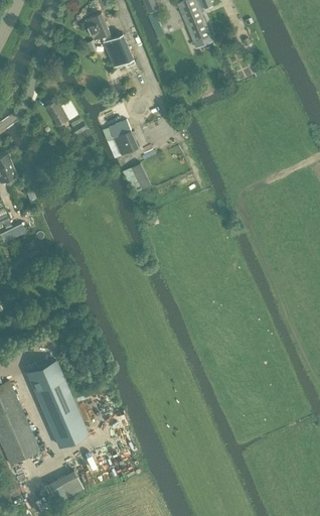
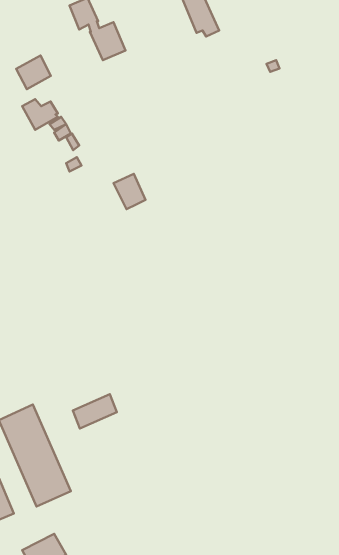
building: none -> [16,56,51,89]
building: [104,121,139,157] -> none
building: none -> [73,394,117,428]

